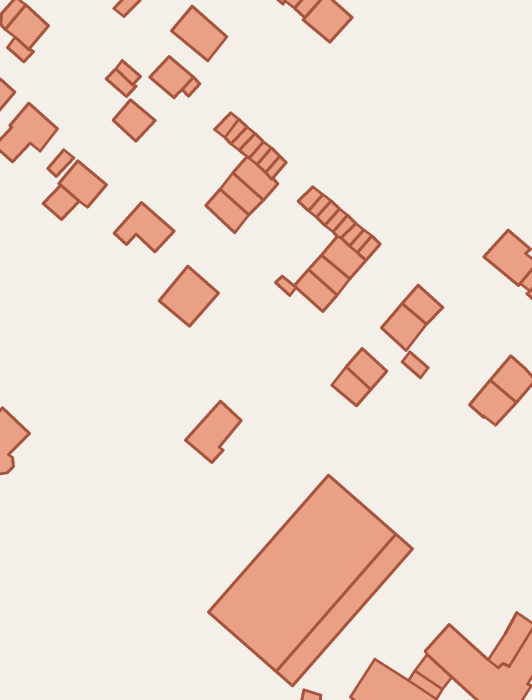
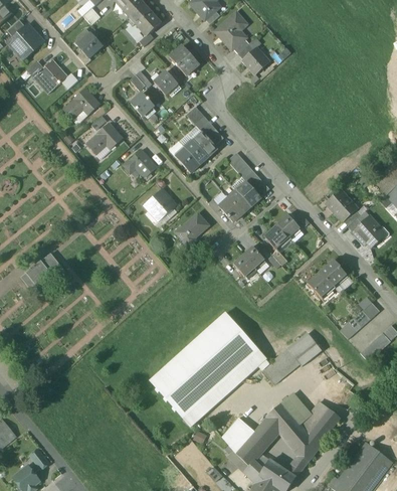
building: [185,401,241,463] -> [176,212,208,245]
building: none -> [262,332,322,384]
building: none -> [281,391,312,425]

